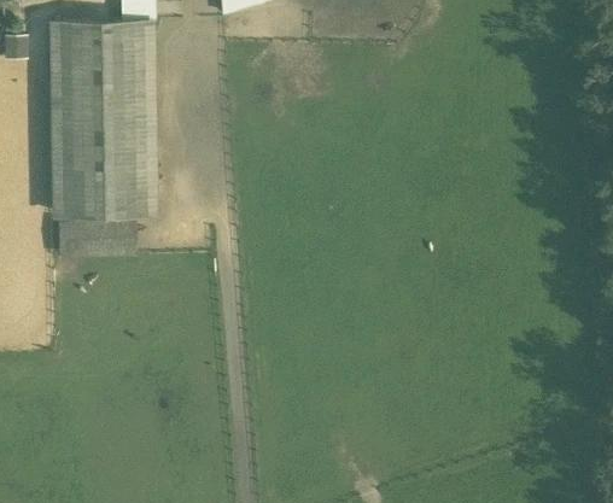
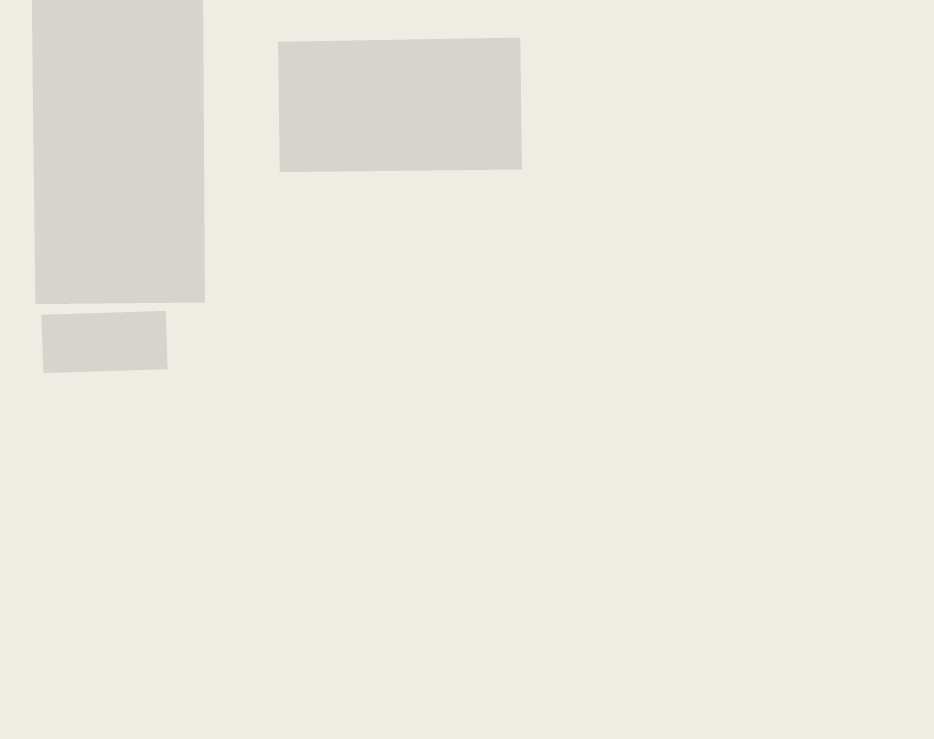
building: none -> [278,37,522,173]

